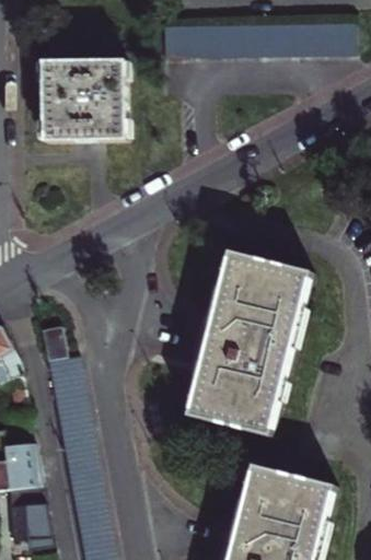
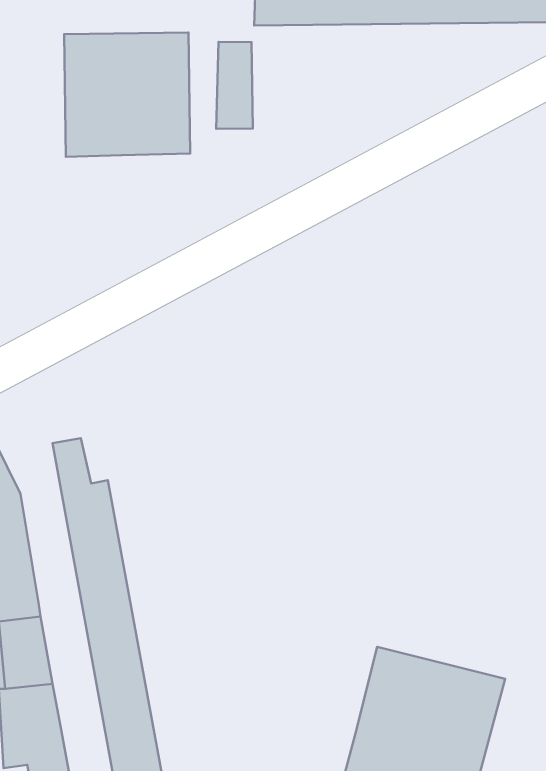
building: none -> [216,42,253,129]
building: [188,250,308,433] -> none

